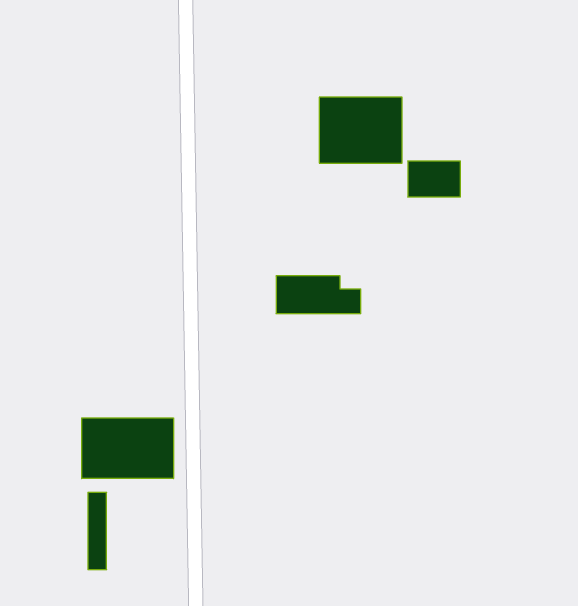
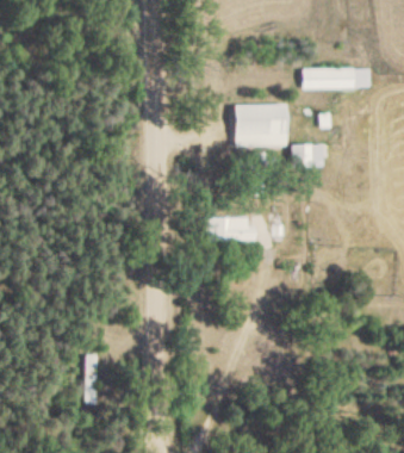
building: none -> [303,68,372,88]
building: [82,418,173,479] -> none

